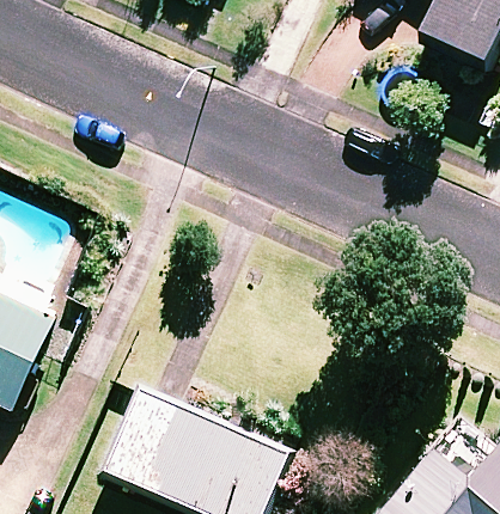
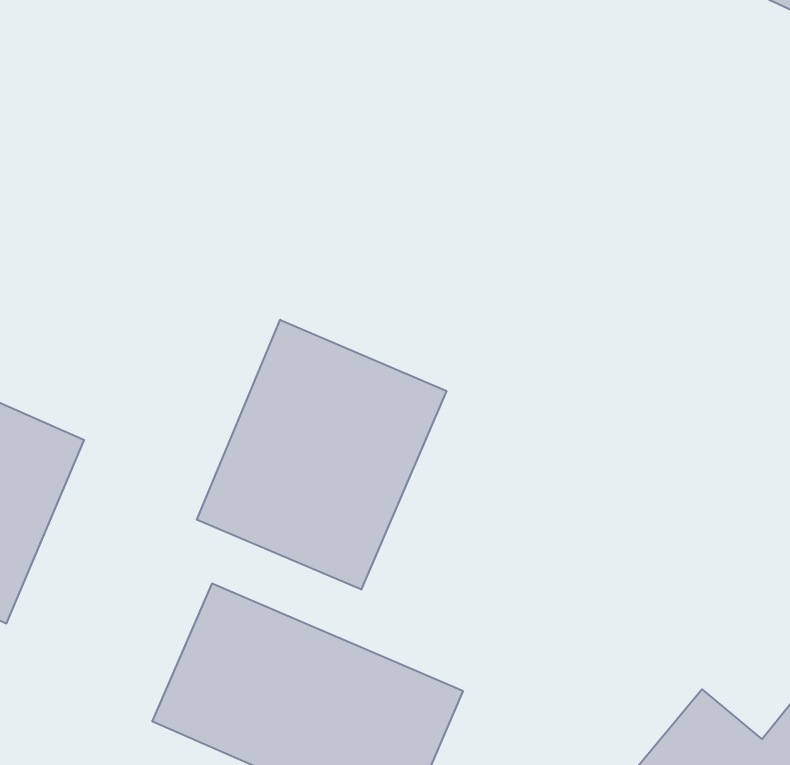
building: none -> [197,320,446,590]

